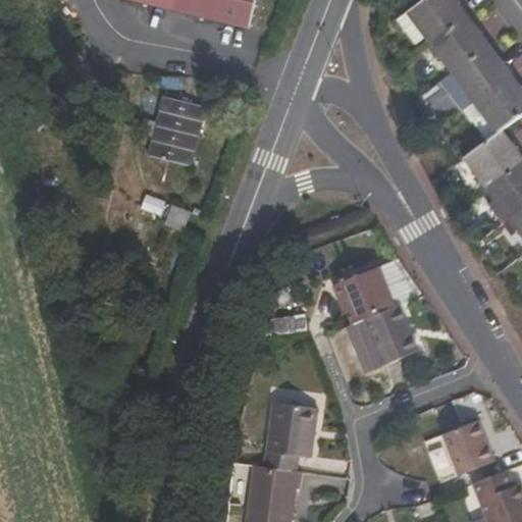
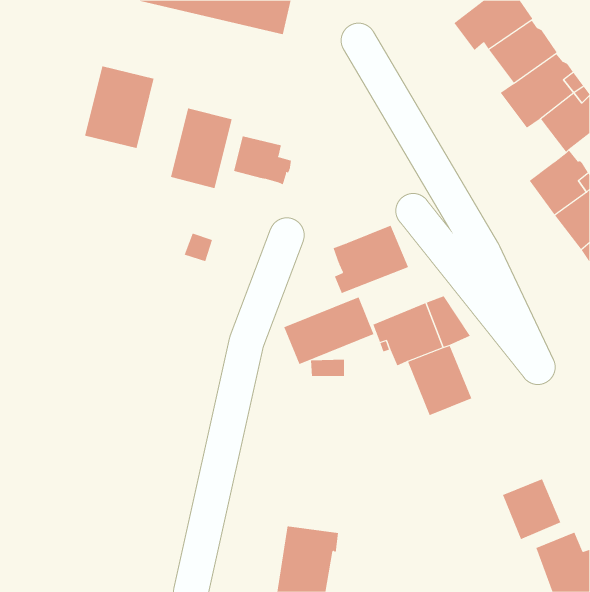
building: none -> [84,65,154,149]
building: none -> [233,135,292,185]
building: none -> [333,225,409,294]
building: none -> [283,297,374,365]
building: [266,400,316,457] -> none

